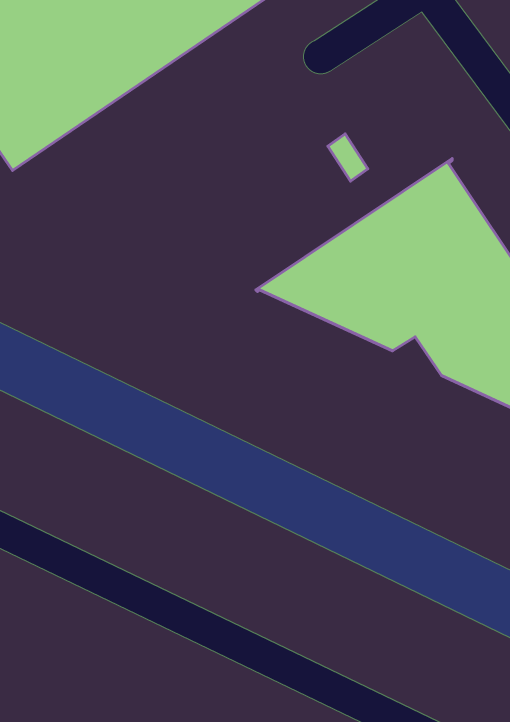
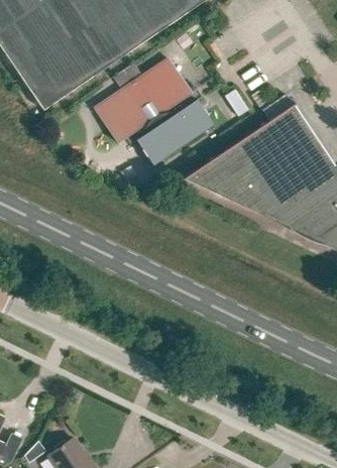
building: none -> [94,57,213,165]

